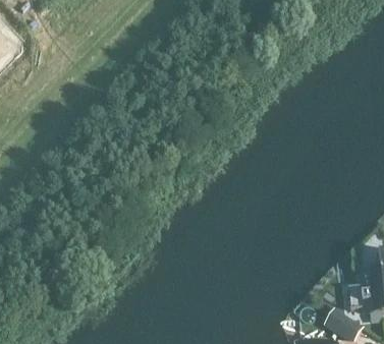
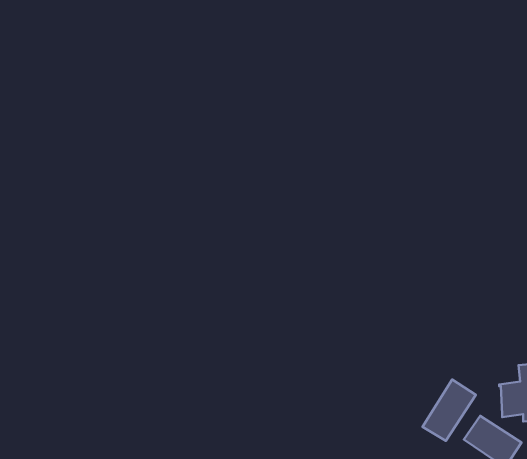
building: none -> [423,379,476,441]

